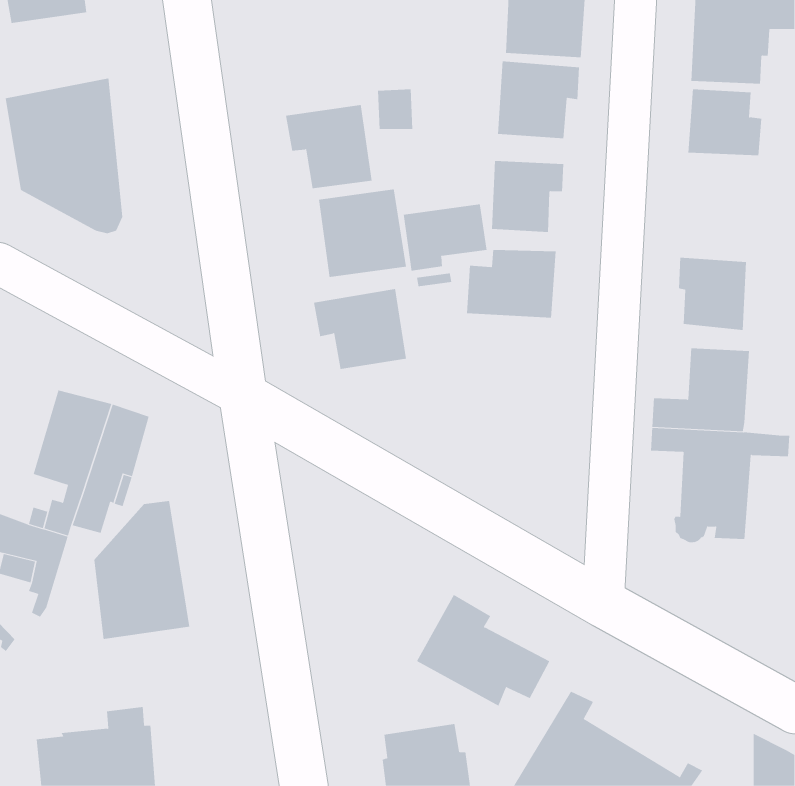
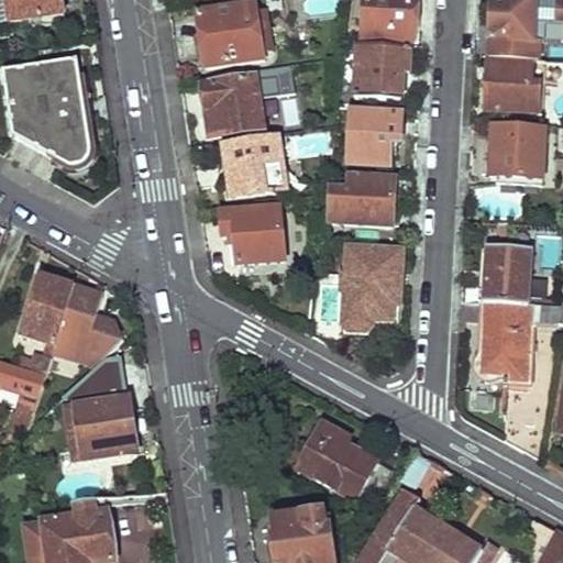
building: none -> [198,4,264,66]
building: [403,203,487,271] -> none
building: [678,257,747,331] -> [493,126,541,178]
building: none -> [342,246,402,331]

